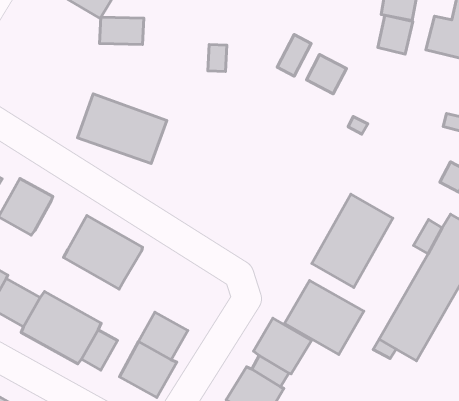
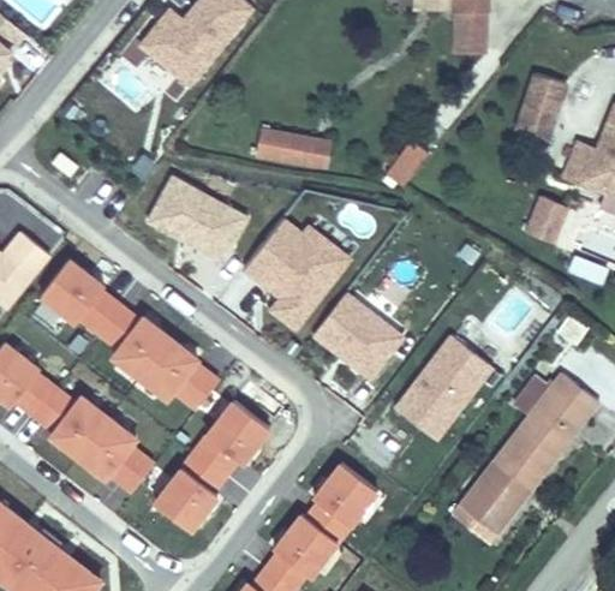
building: [378,15,413,54] -> [525,196,569,244]
building: [100,17,144,44] -> [256,127,311,166]
building: [306,54,346,94] -> none
building: none -> [243,216,353,332]
building: none -> [79,289,138,348]
building: none -> [174,362,221,410]
building: none -> [204,399,273,466]
building: [284,280,364,354] -> [311,292,405,382]

